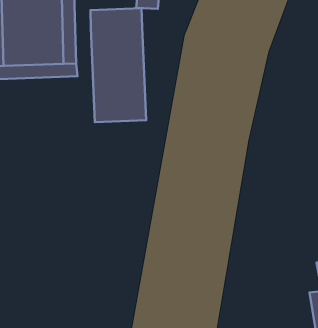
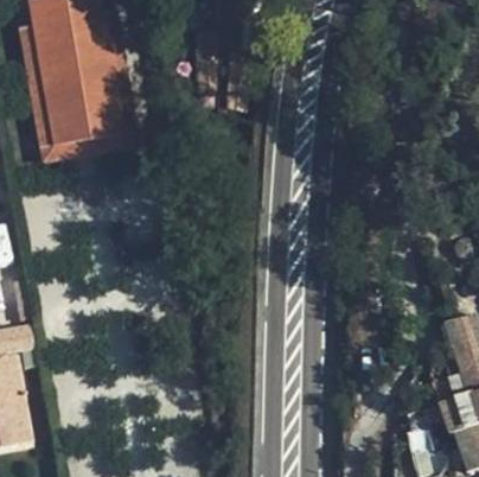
building: [90,8,146,122] -> none

